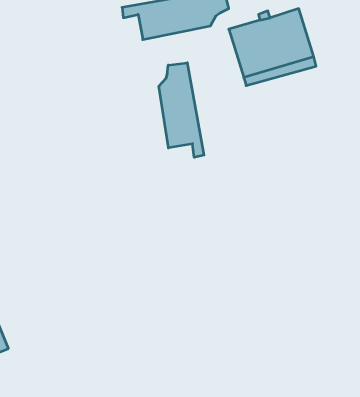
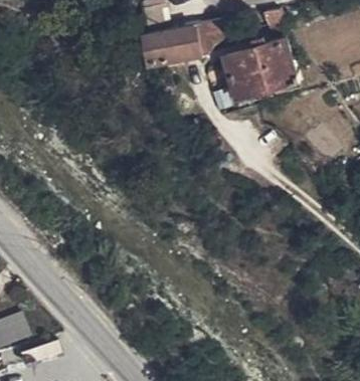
building: [159,63,204,157] -> none

